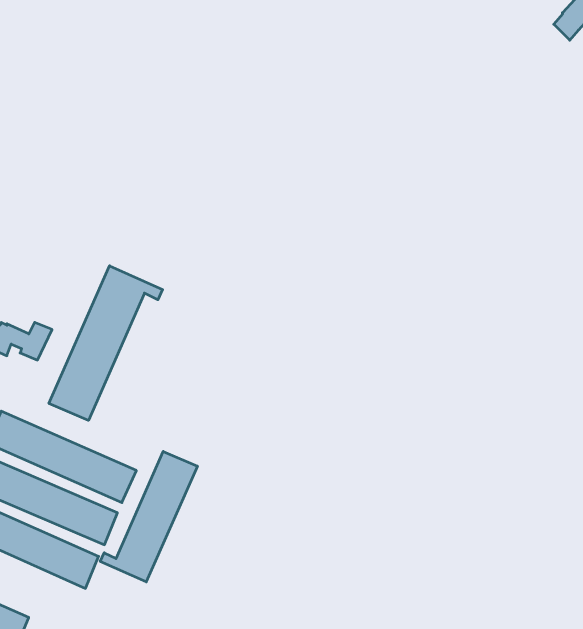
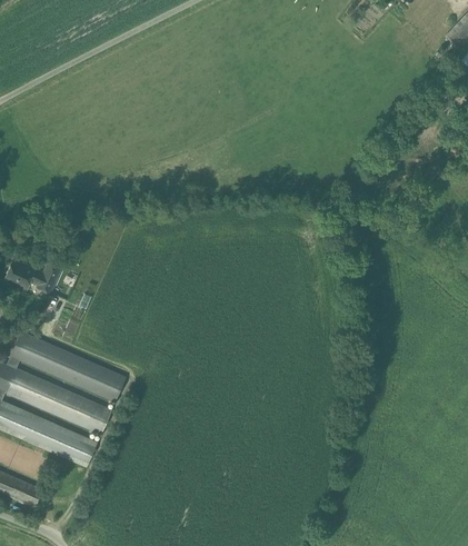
building: [49,266,163,420] -> none
building: [100,451,197,582] -> none

